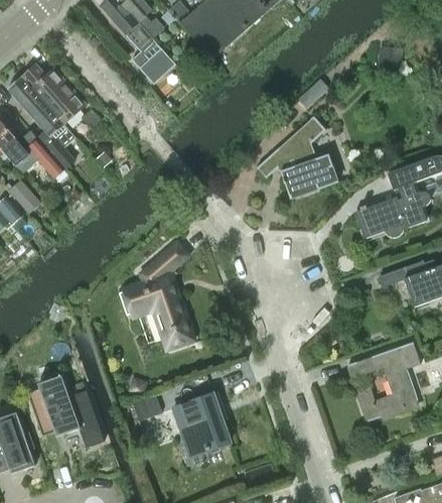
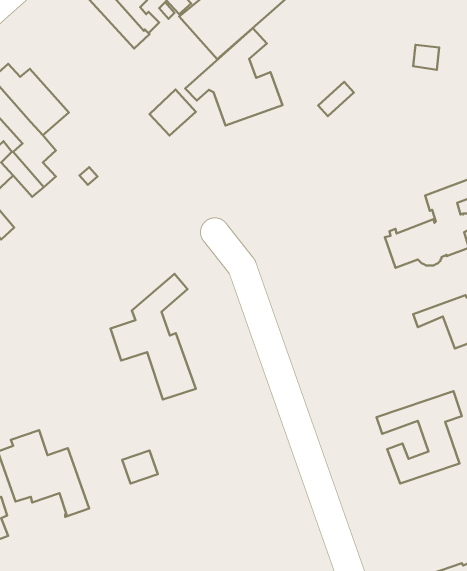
building: [136,43,175,83] -> [149,89,196,136]
building: [255,116,337,199] -> [185,28,282,125]
building: [172,391,229,456] -> none

